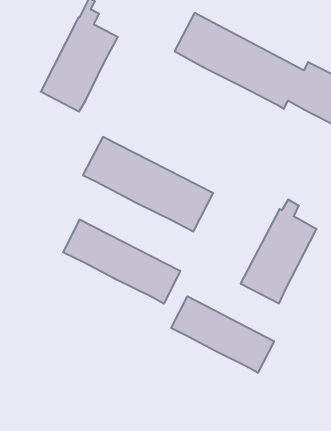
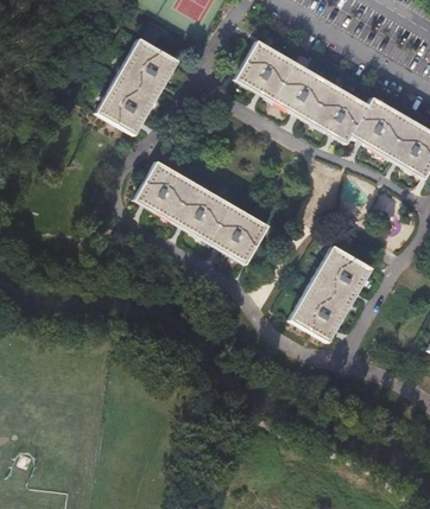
building: [63,219,180,304] -> none
building: [171,296,274,373] -> none

